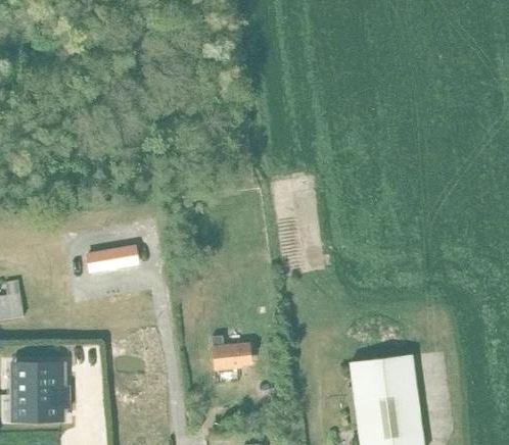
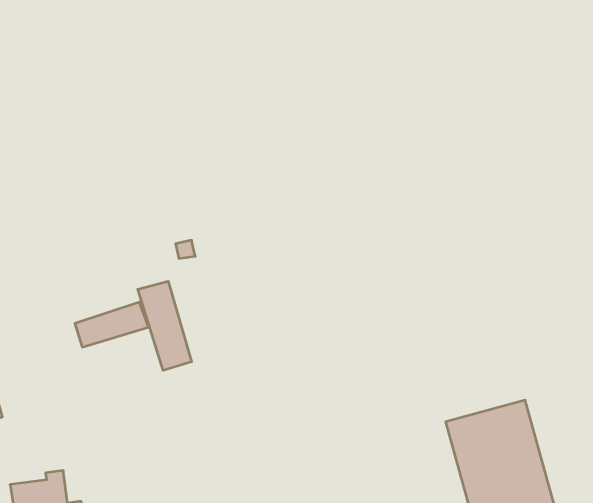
building: none -> [138,281,192,370]
building: [211,337,249,374] -> none

